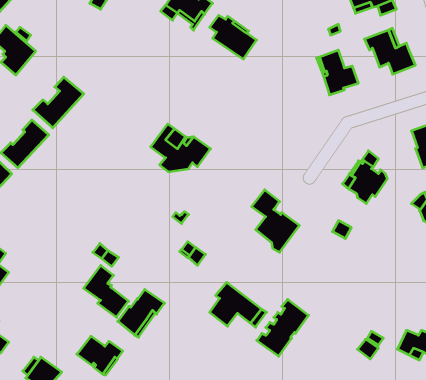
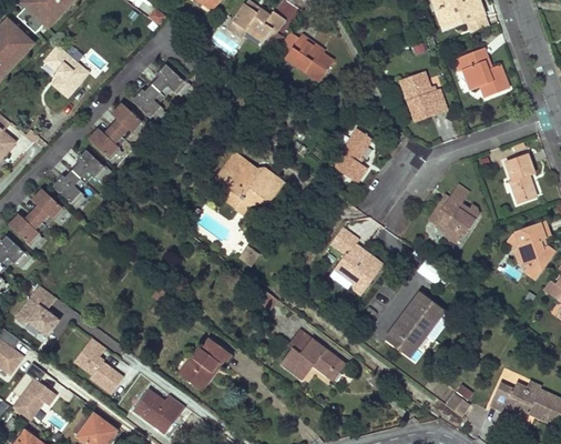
building: none -> [130,63,183,117]
building: none -> [332,128,373,182]
building: [84,265,129,317] -> [72,336,122,394]
building: [257,299,309,356] -> [386,293,443,356]

